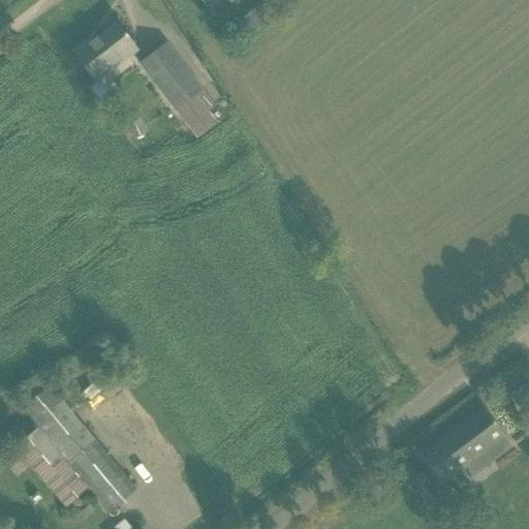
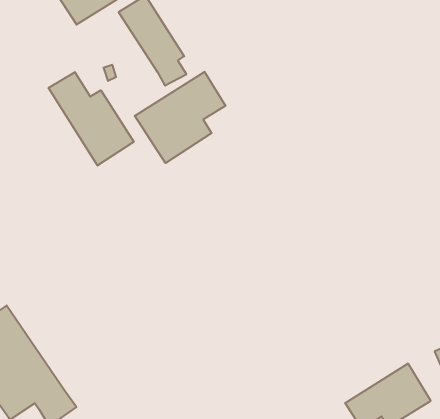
building: none -> [135,72,225,163]
building: none -> [49,72,134,166]

